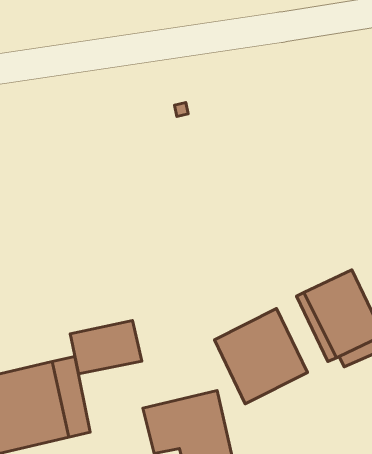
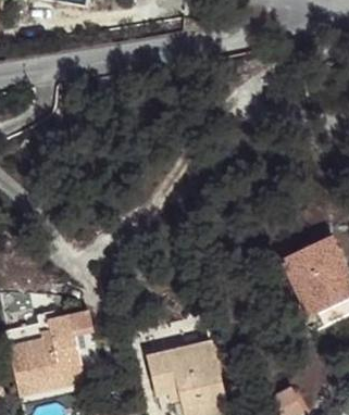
building: [214,309,307,404] -> none
building: [70,320,142,374] -> none

